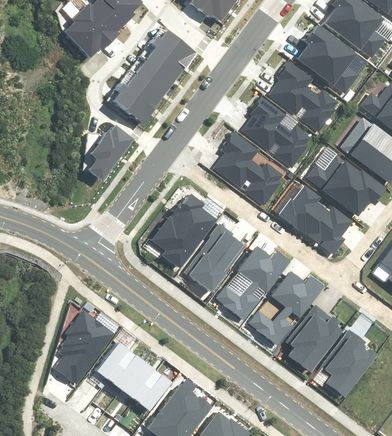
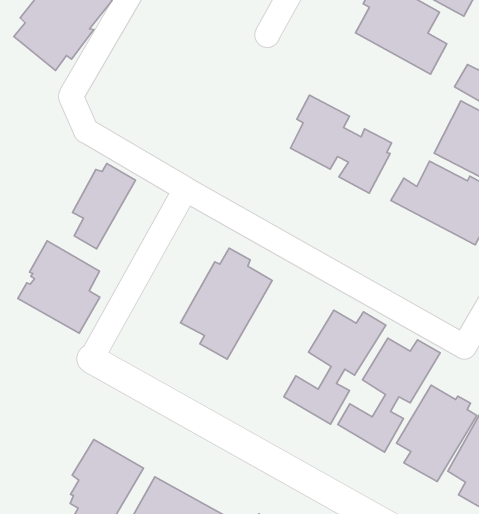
building: [113,33,195,122] -> none
building: [269,61,338,133] -> none
building: [211,131,283,207] -> none
building: none -> [18,241,100,333]
building: [278,186,354,255] -> none
building: [181,223,246,294] -> none

